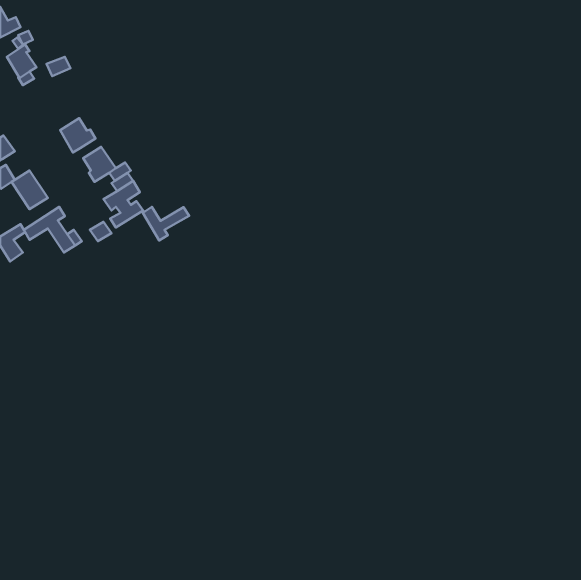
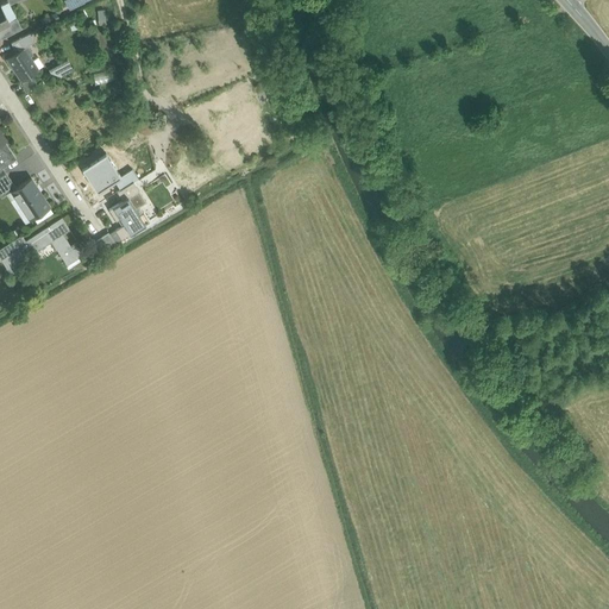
building: [60,118,96,152] -> none
building: [143,207,189,240] -> none

